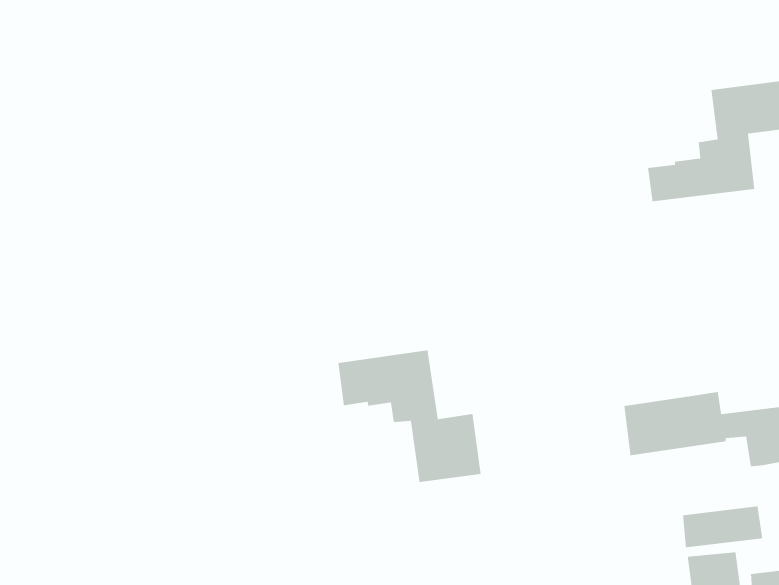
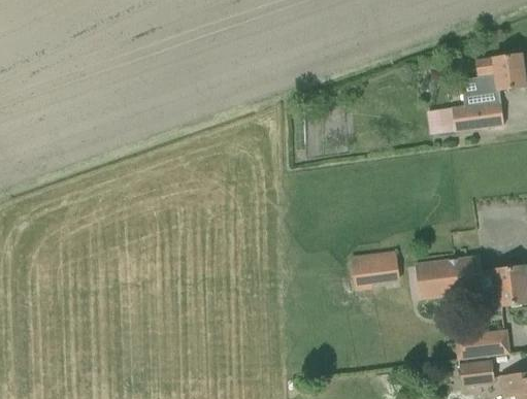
building: [338,349,482,483] -> none
building: none -> [355,253,399,286]

